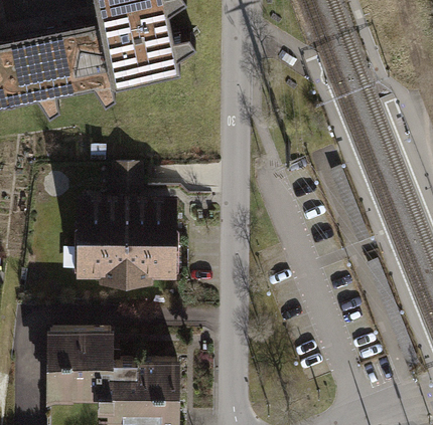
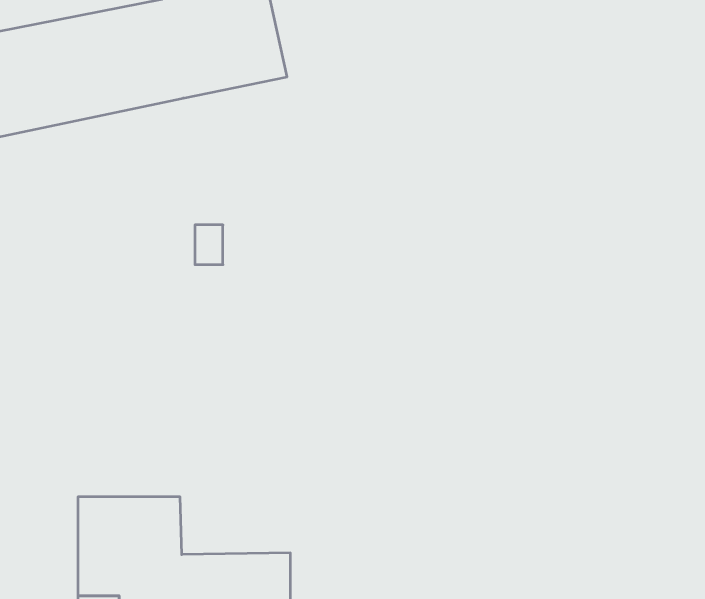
building: [73,195,179,285] -> none

